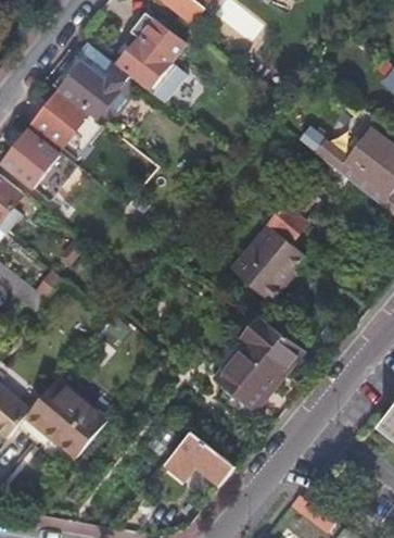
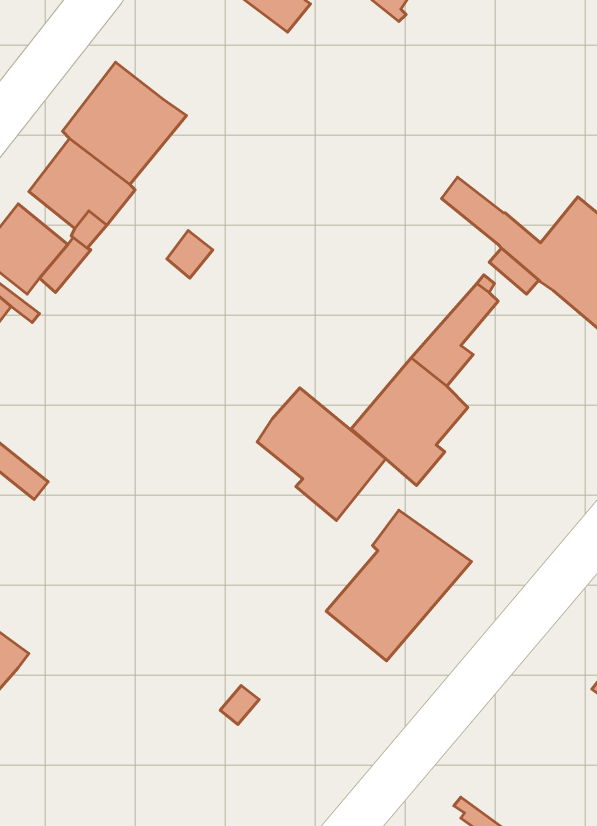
building: [116,13,187,103] -> none
building: none -> [257,388,386,520]
building: [27,376,109,456] -> none
building: [165,433,234,487] -> none

